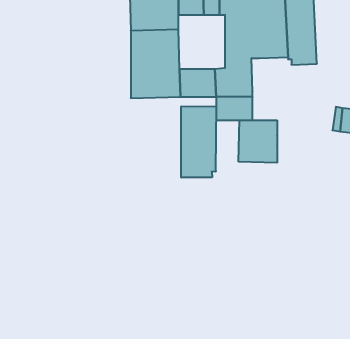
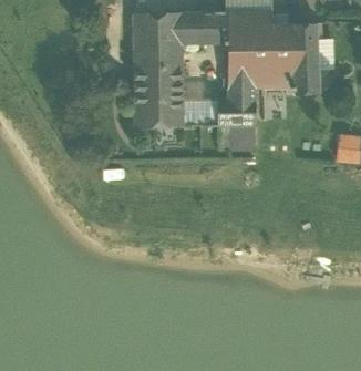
building: [181,106,216,178] -> none
building: [239,120,277,163] -> none

